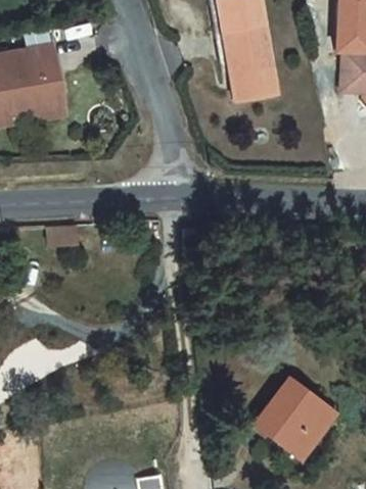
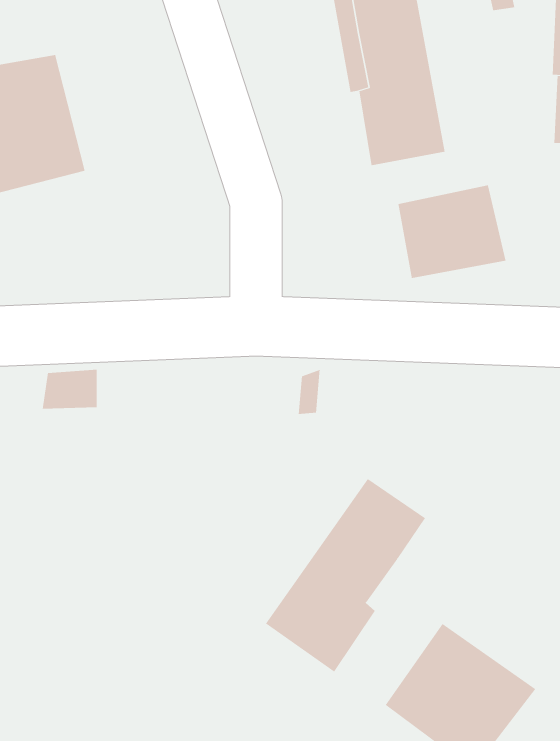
building: none -> [398,185,506,279]
building: none -> [265,478,426,672]

